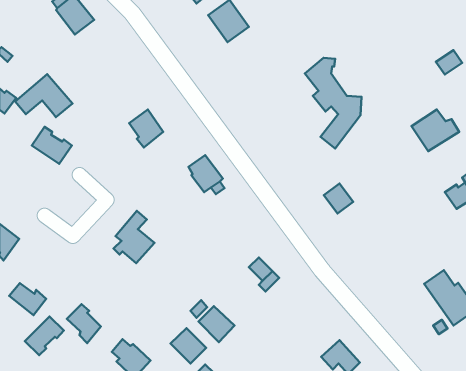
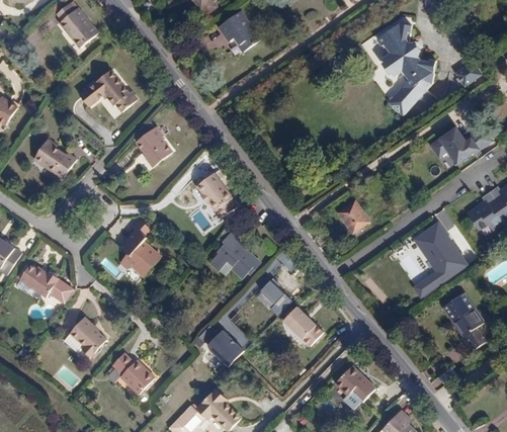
building: [305,58,361,148] -> [375,23,434,117]
building: [15,74,72,117] -> [79,66,139,110]
building: none -> [409,224,467,295]
building: none -> [210,230,262,277]
building: [9,283,46,315] -> [19,271,58,305]
building: none -> [282,306,324,346]
building: [25,317,64,355] -> none
building: [171,328,206,363] -> none

